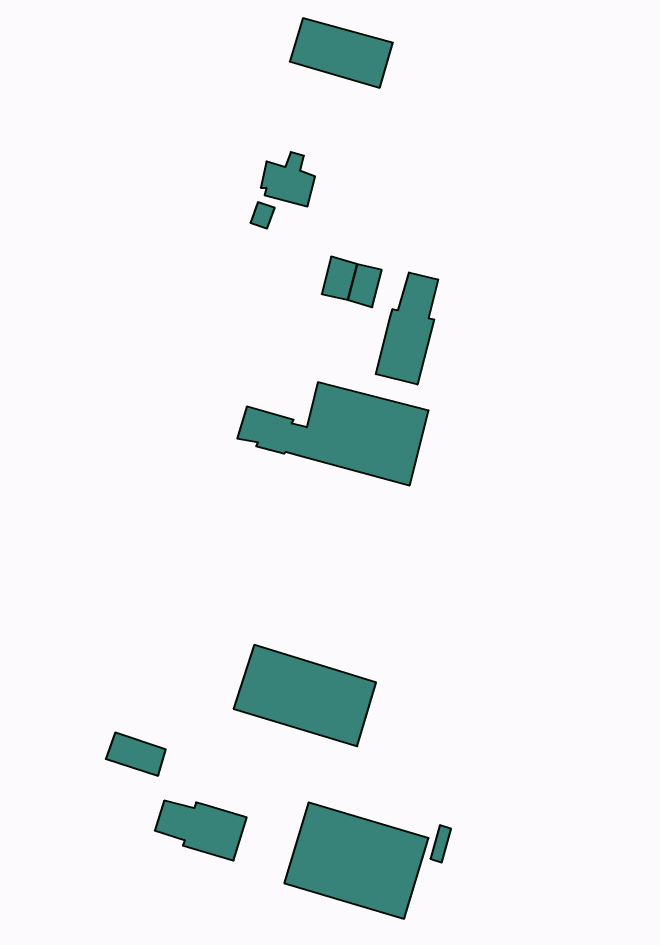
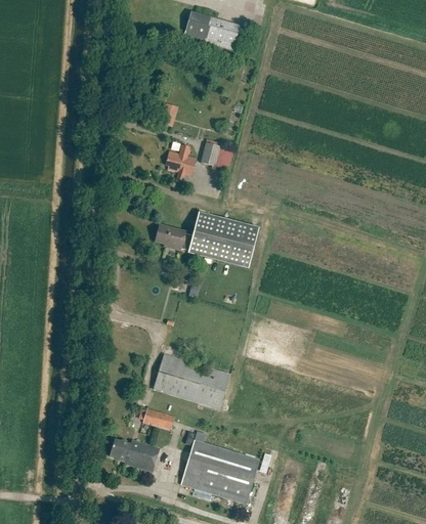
building: [261,152,315,206] -> [166,145,196,175]
building: [376,272,438,385] -> none
building: [106,733,166,776] -> [142,407,175,431]

